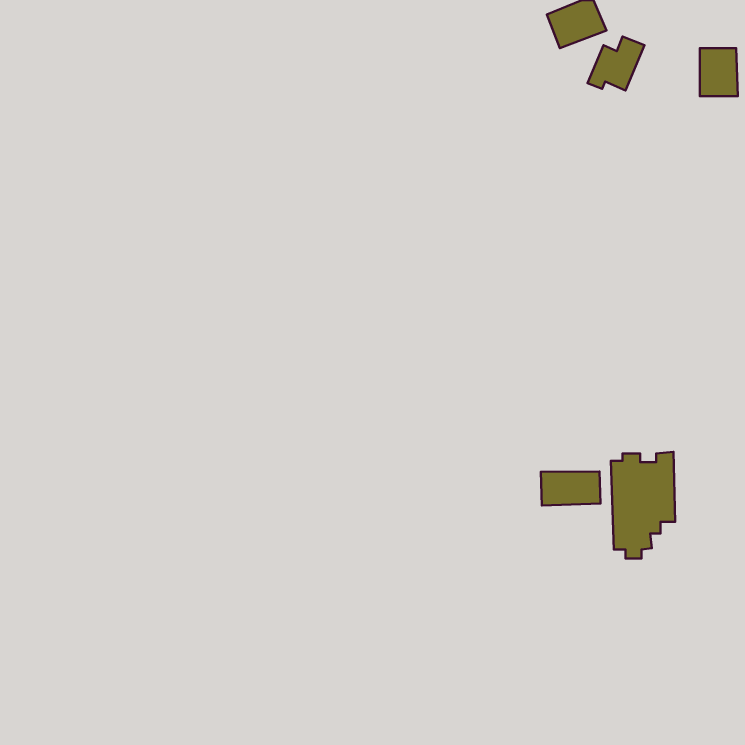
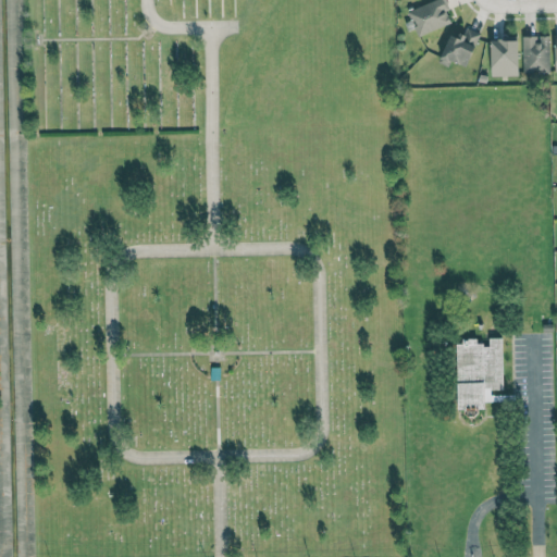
building: none -> [491,37,519,76]
building: [541,471,600,505] -> none

